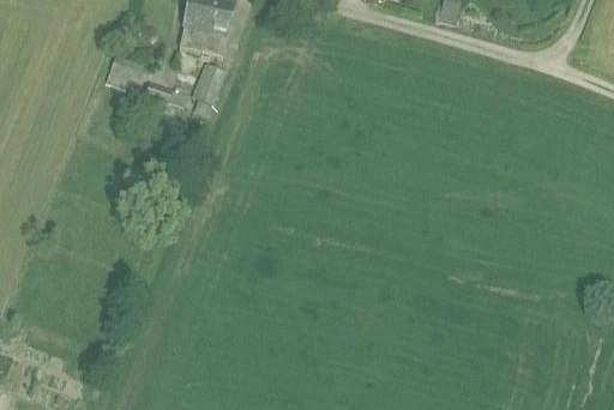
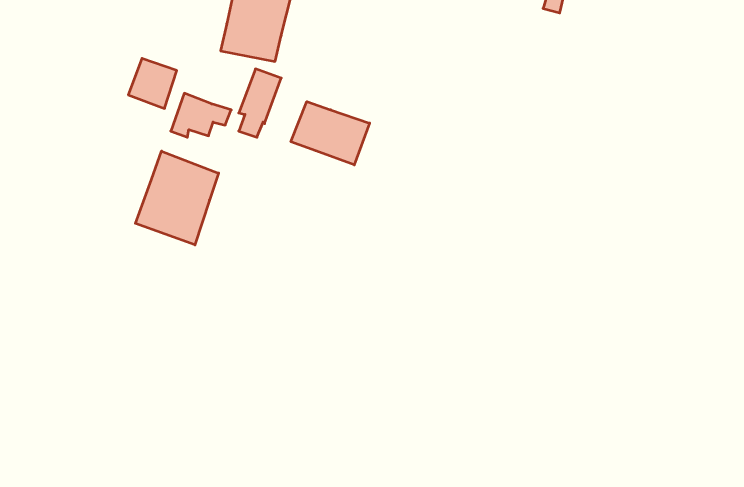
building: none -> [291,102,370,165]
building: none -> [135,151,219,245]

